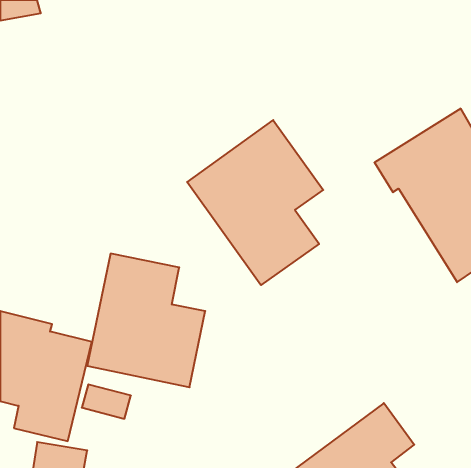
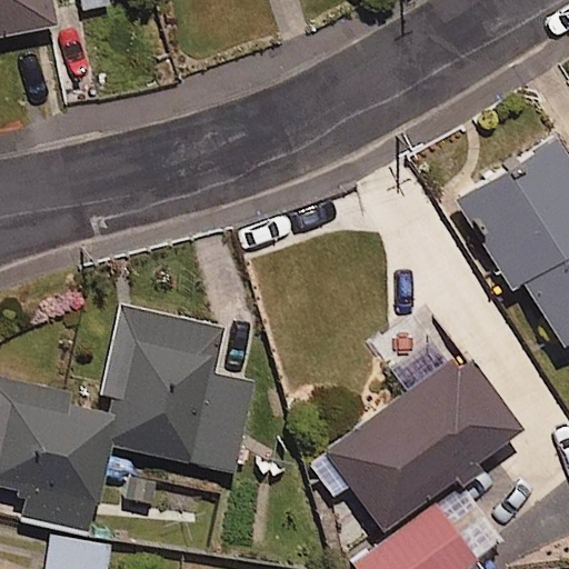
building: [187,120,323,285] -> none
building: none -> [326,326,519,527]

